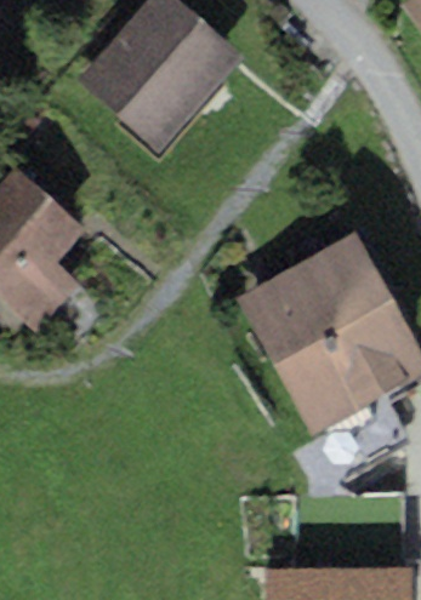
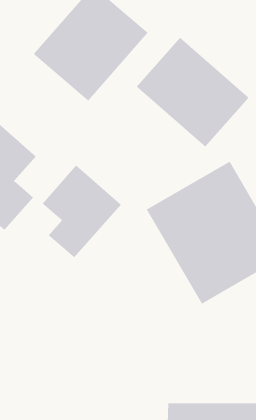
building: none -> [136,37,250,147]
building: none -> [42,165,122,258]

